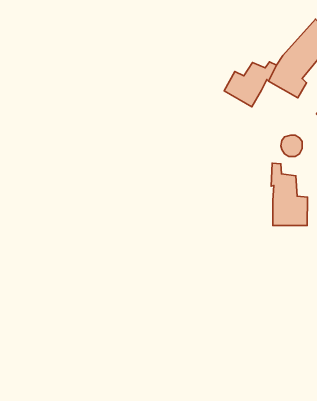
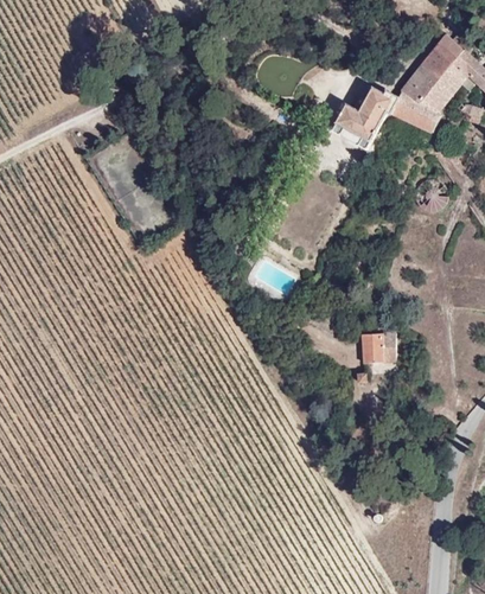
building: [271,163,308,226] -> none
building: none -> [362,336,394,368]

